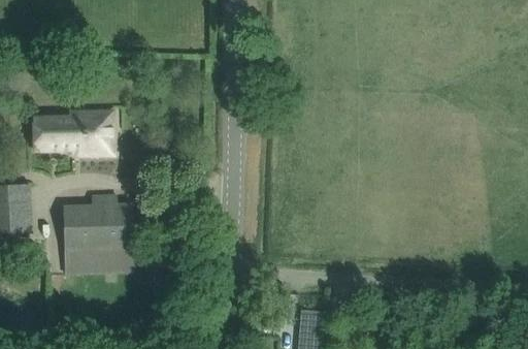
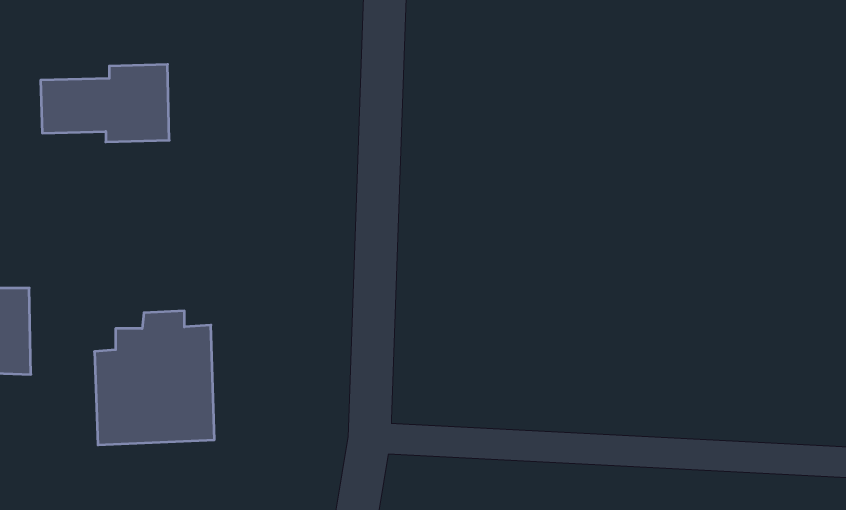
building: [39,112,114,157] -> [41,64,169,142]

